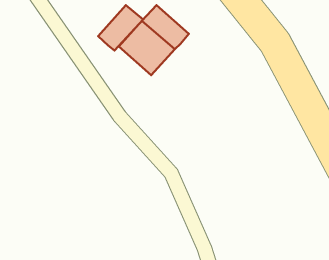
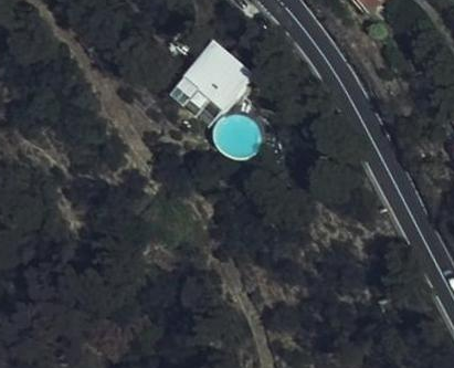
building: [98,5,143,51] -> none

